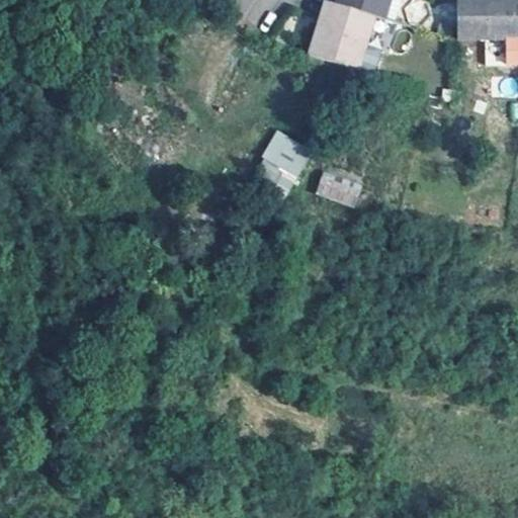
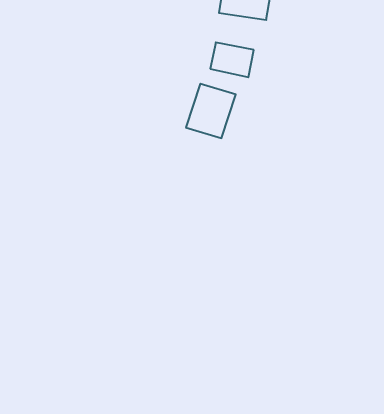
building: [316,163,365,205] -> [210,42,254,77]

